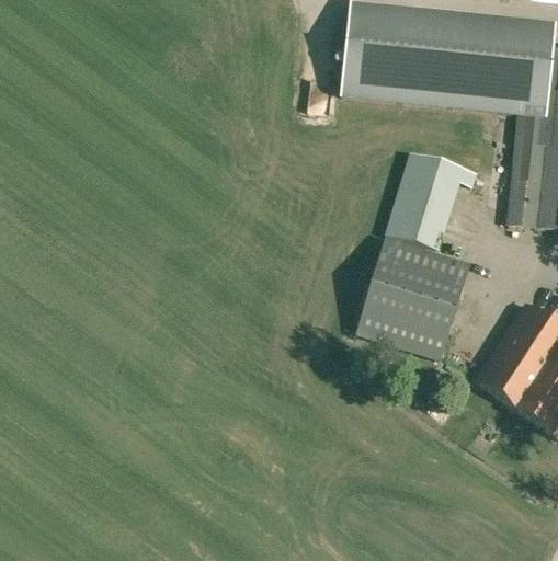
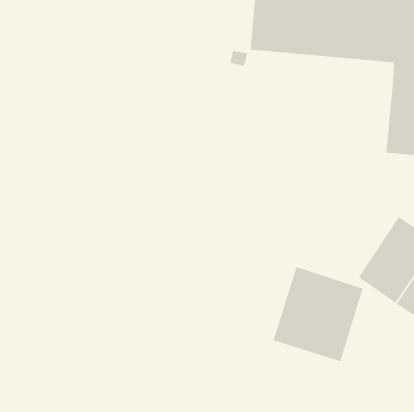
building: [395,150,485,247] -> none
building: [355,237,468,355] -> [273,267,364,362]

